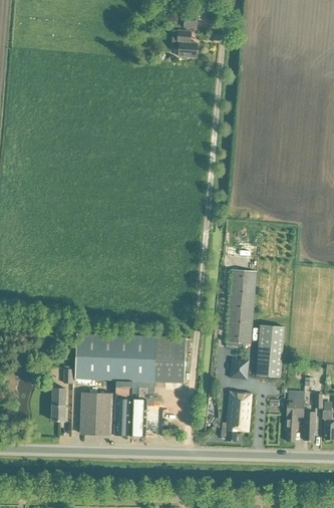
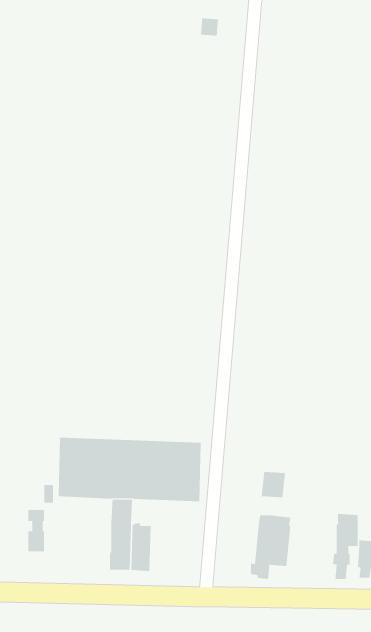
building: [172,31,197,58] -> none
building: [225,270,255,348] -> none
building: [255,325,284,377] -> none
building: [79,394,112,435] -> none

